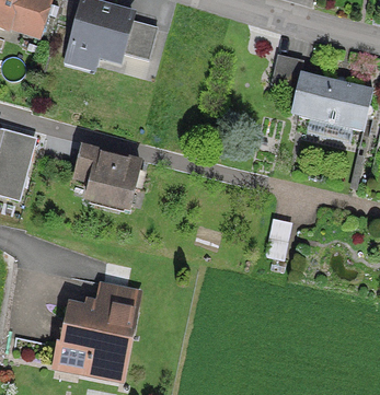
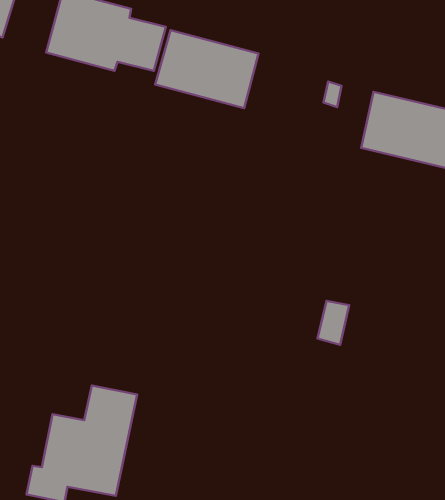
building: none -> [155,30,258,108]
building: [73,149,138,207] -> none

